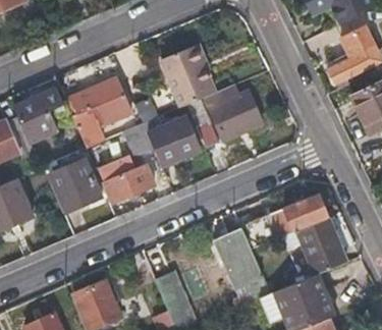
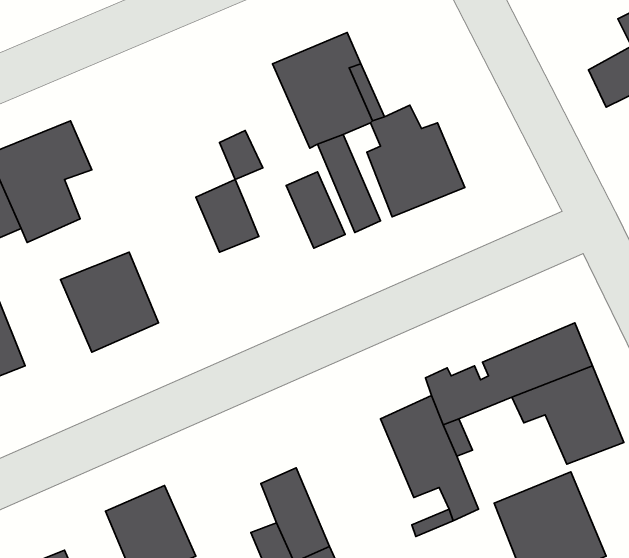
building: [65,78,129,146] -> none
building: [147,124,182,167] -> none
building: [101,161,153,202] -> none

